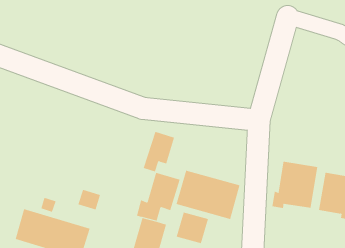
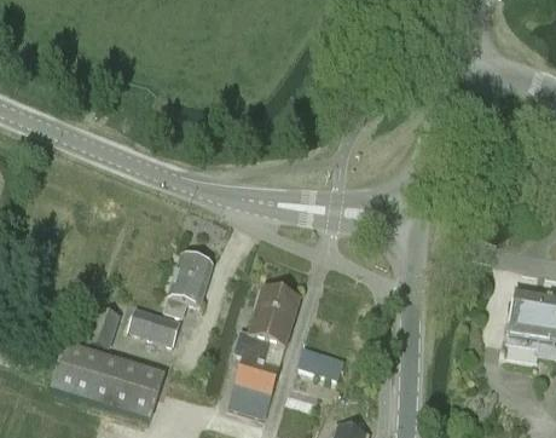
building: [143,131,175,172] -> [163,253,212,315]
building: [272,161,318,209] -> none
building: [176,170,240,220] -> none

